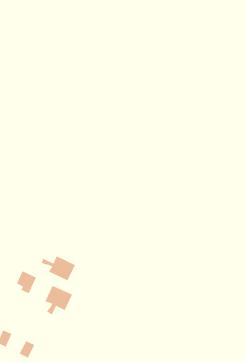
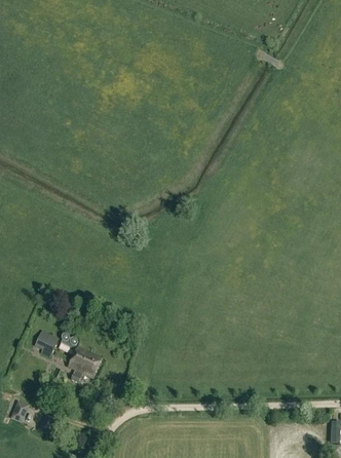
building: [41,256,76,281] -> none

